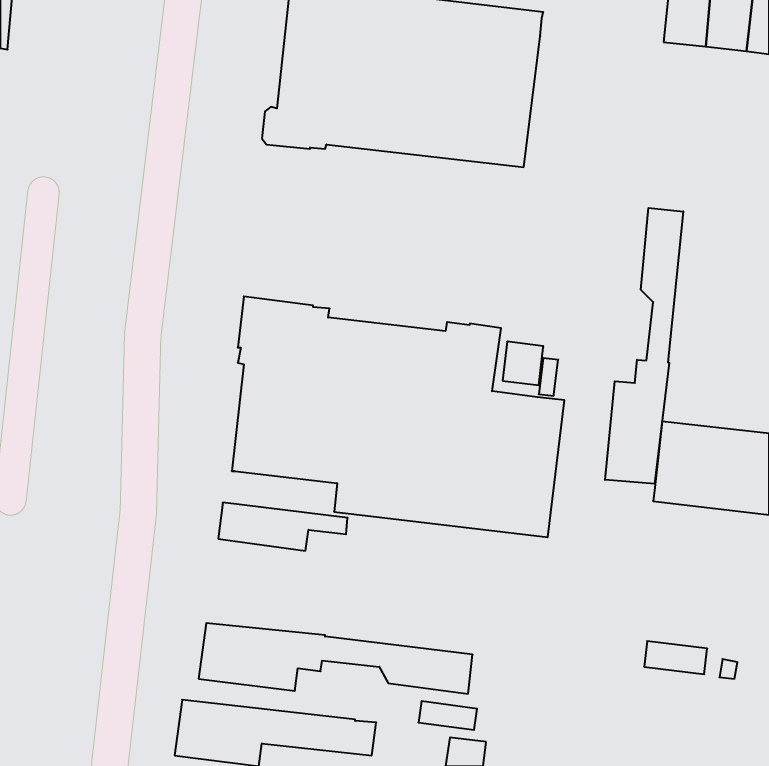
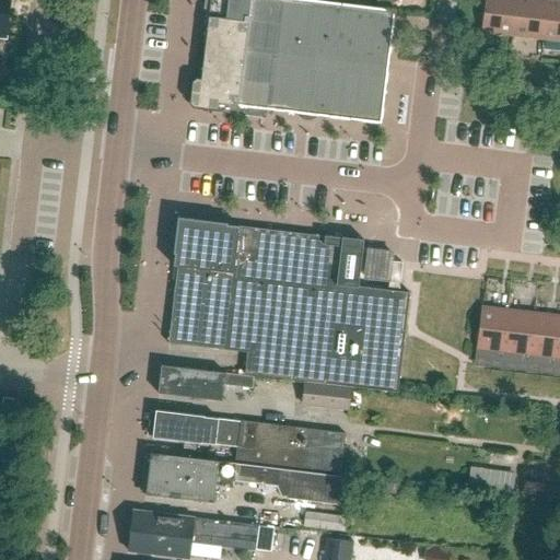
building: [605,208,683,484] -> none
building: none -> [301,382,351,409]
building: none -> [153,409,346,471]

